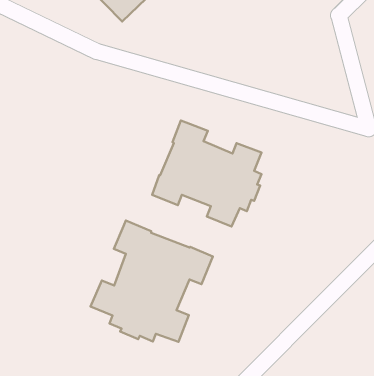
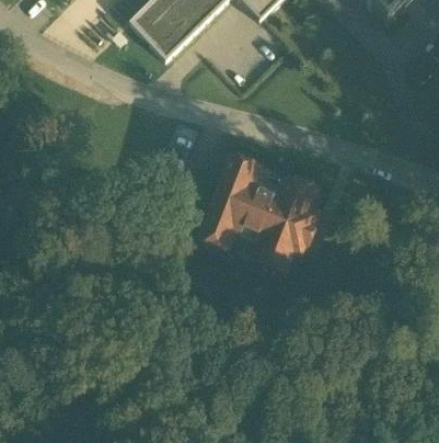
building: [91,221,213,342] -> none

